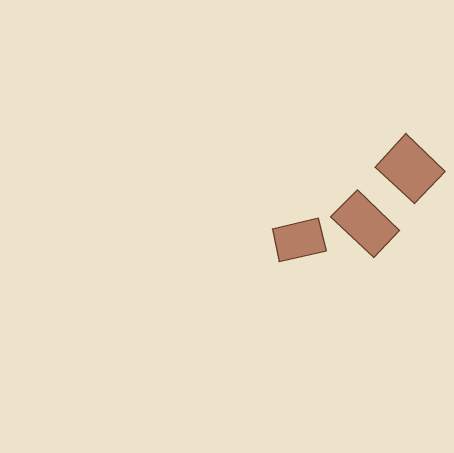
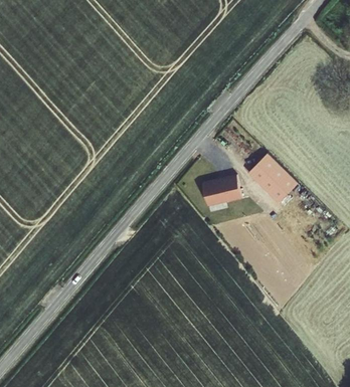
building: [375,133,445,204] -> none

